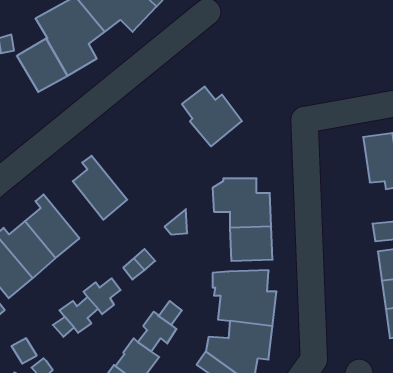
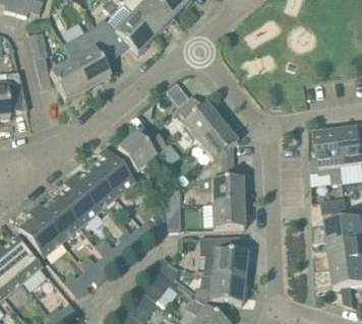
building: none -> [197,123,237,167]
building: none -> [116,129,166,172]
building: none -> [69,169,115,212]

